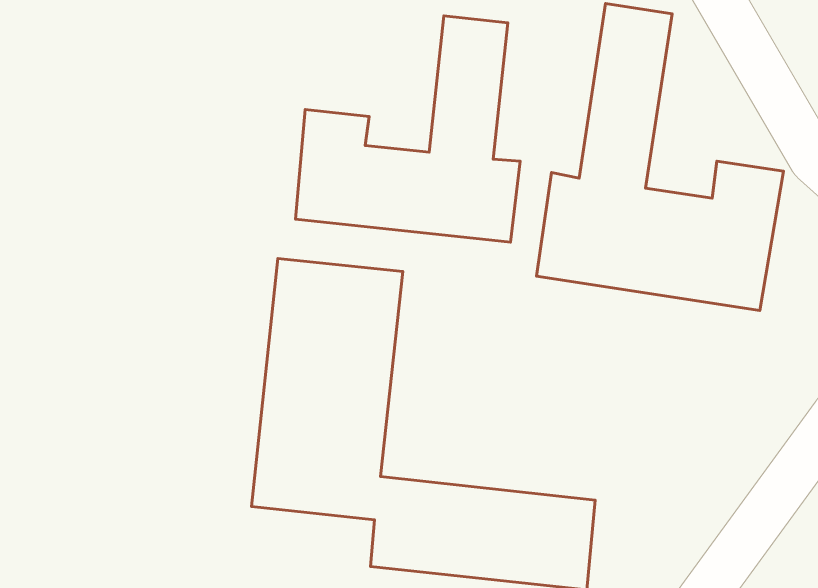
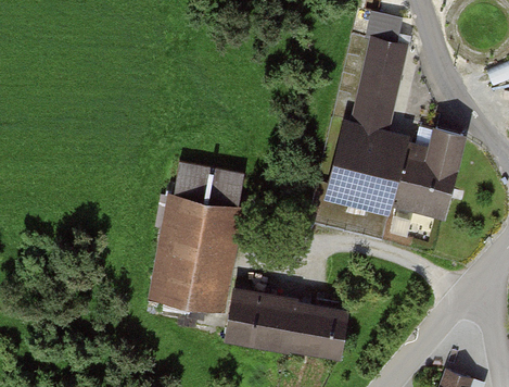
building: [296,16,520,242] -> none

